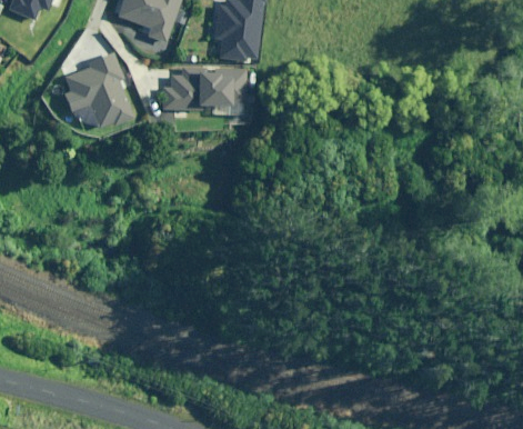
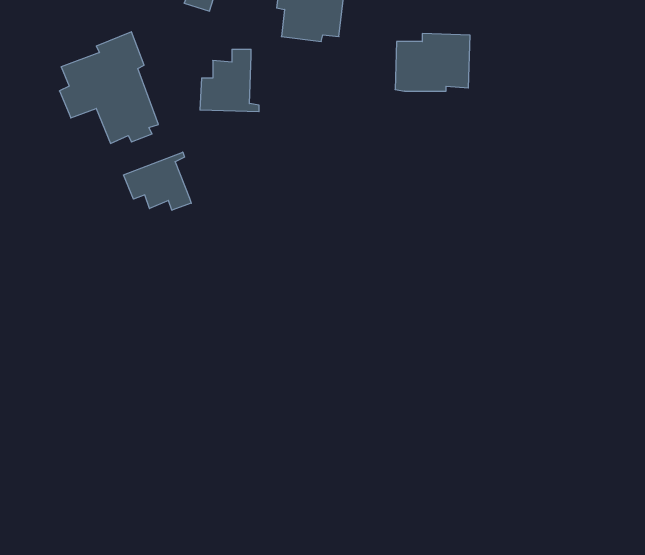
building: [194,64,247,104] -> [395,34,470,91]
building: none -> [123,152,191,210]

